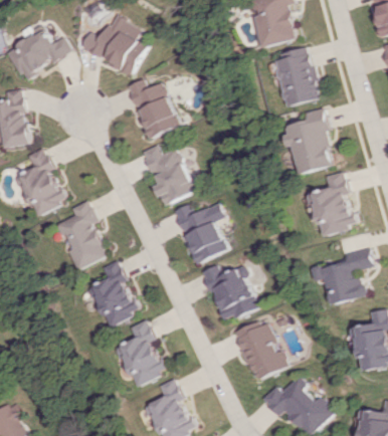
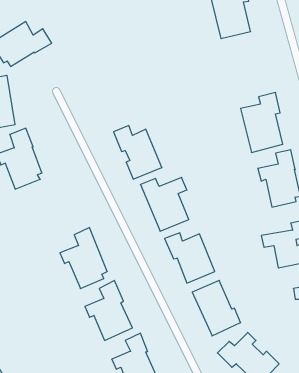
building: [81,15,148,73] -> none
building: [276,48,322,106] -> none
building: [130,78,183,139] -> none
building: [53,201,106,268] -> none

